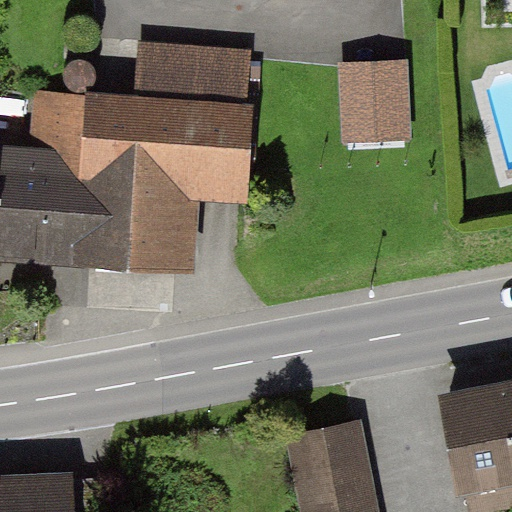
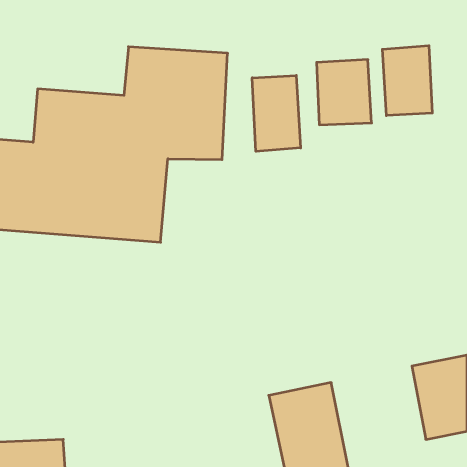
building: none -> [382,46,432,116]
building: none -> [252,75,301,151]

